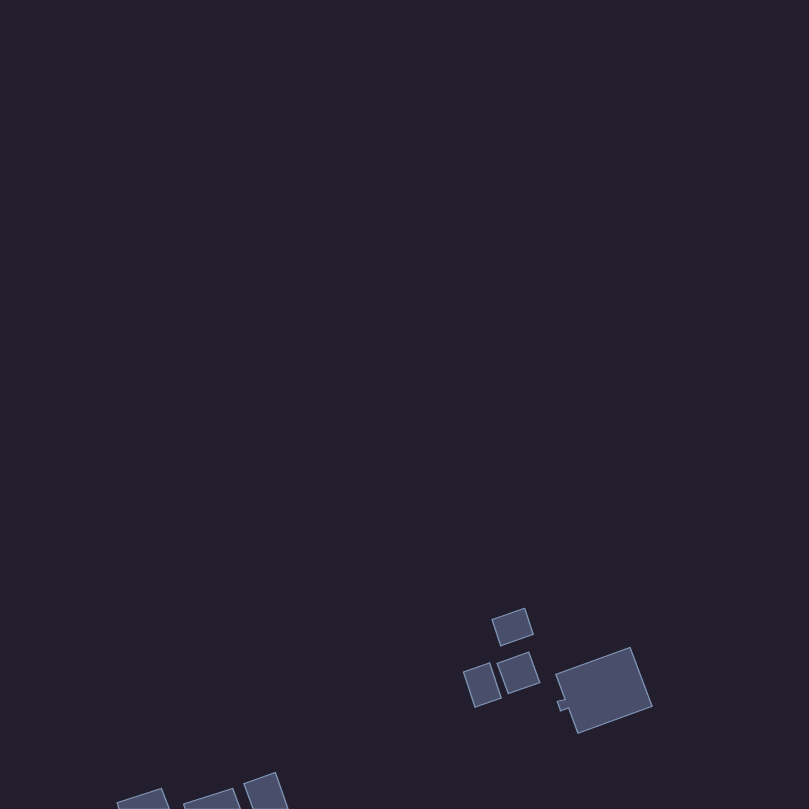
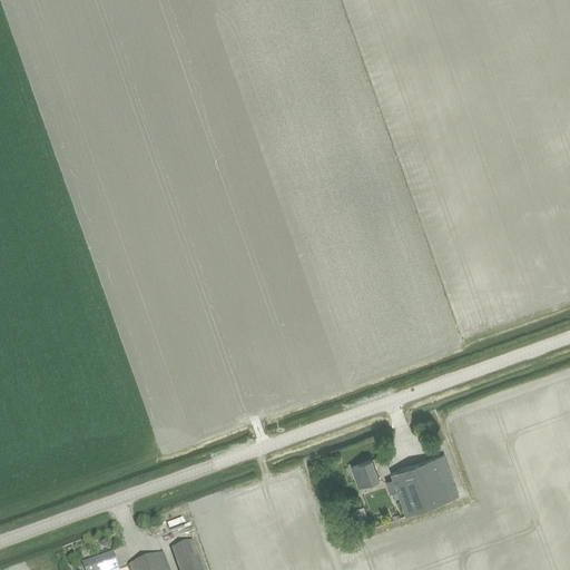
building: [492,608,533,646] -> none
building: [463,663,501,707] -> none

